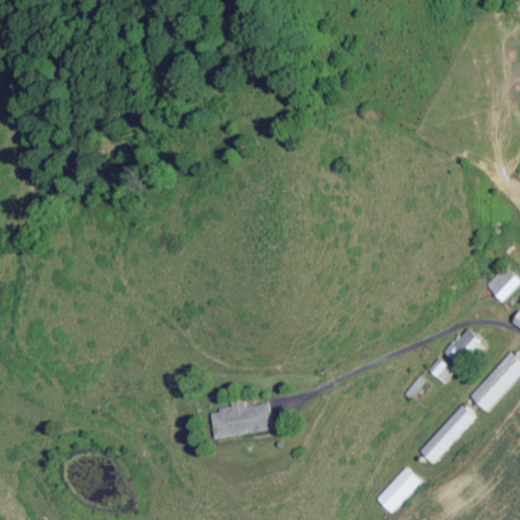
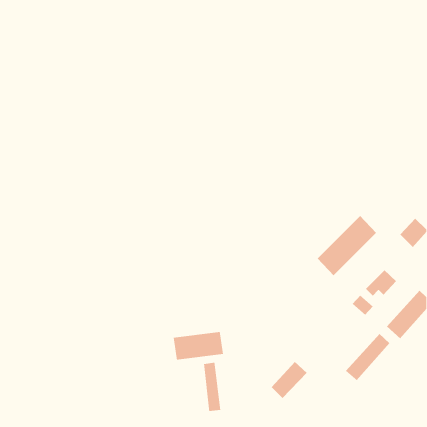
building: none -> [317,215,377,276]
building: none -> [203,362,221,412]
building: [376,467,420,513] -> [271,361,308,399]

